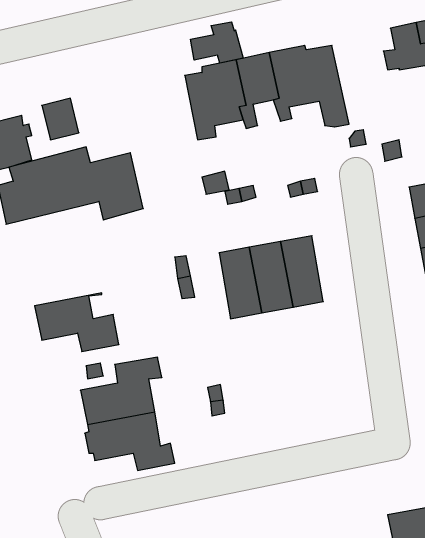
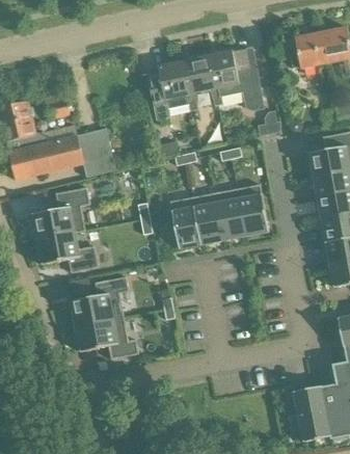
building: [191,22,243,63] -> none
building: none -> [238,184,269,236]
building: none -> [30,187,90,239]

